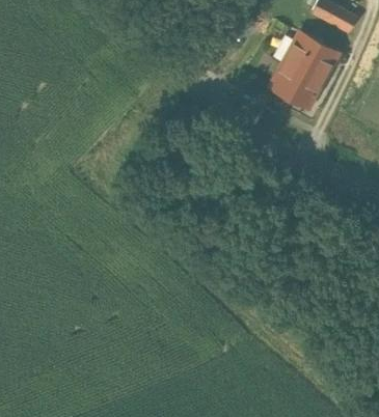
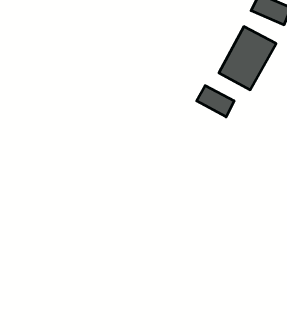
building: none -> [197,86,234,117]

